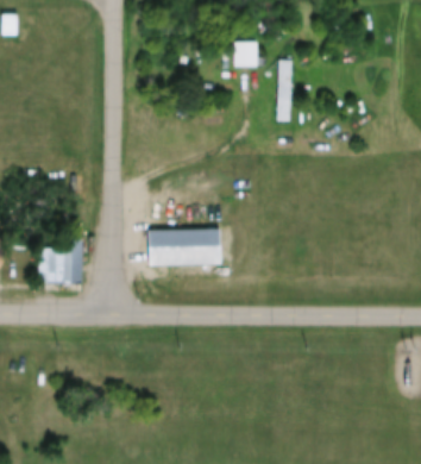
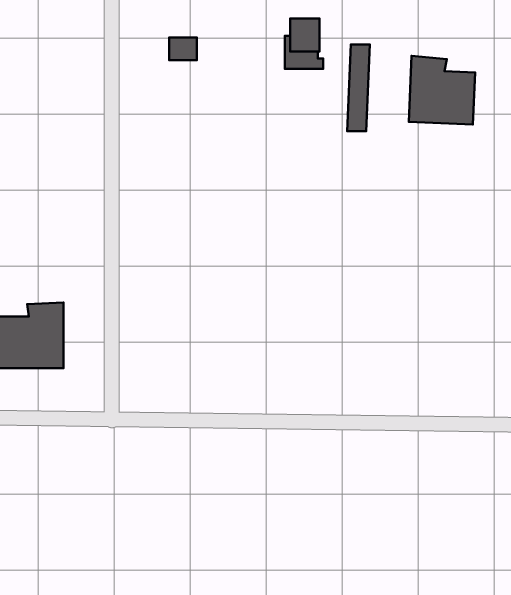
building: none -> [409,56,475,125]
building: [147,230,216,263] -> none

